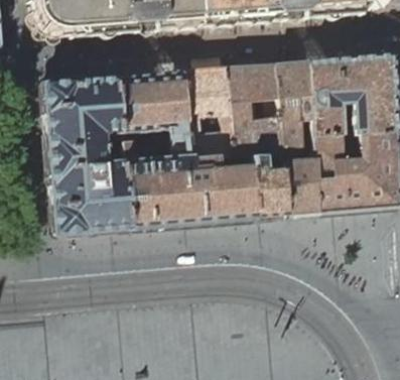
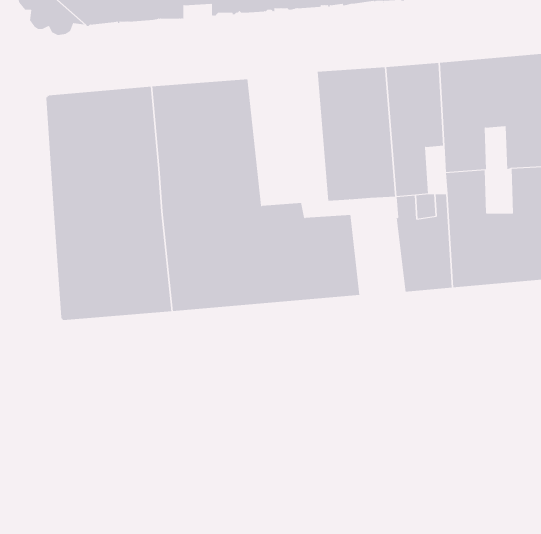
building: [184,66,238,156] -> none
building: [253,150,290,217] -> none

